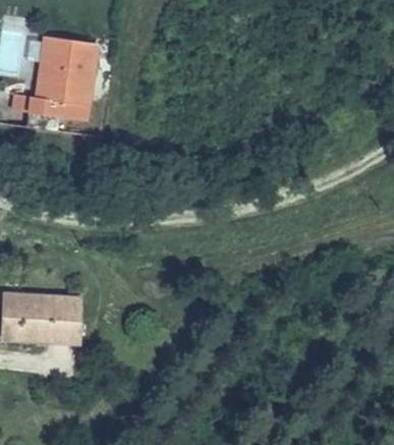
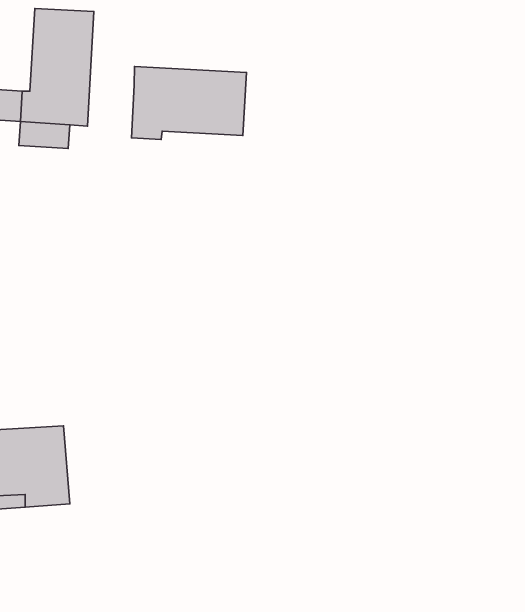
building: none -> [132,66,247,140]

